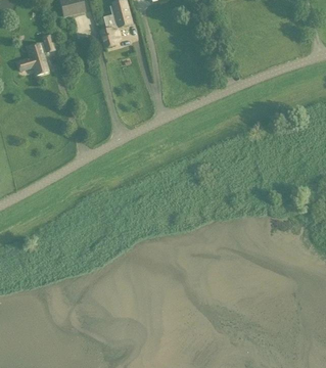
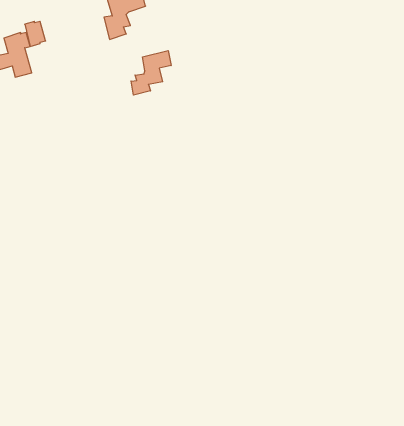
building: none -> [131,51,171,95]

